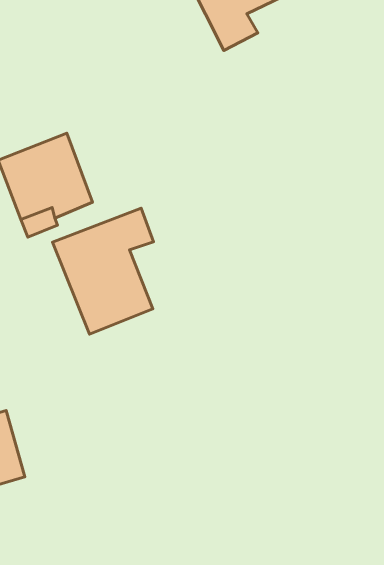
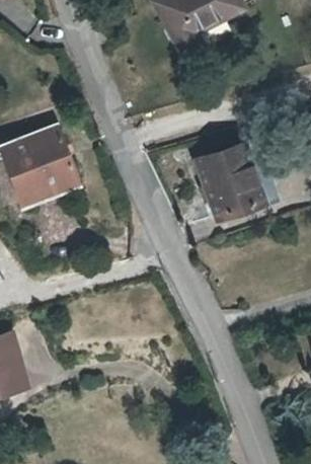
building: none -> [197,150,263,222]
building: [53,208,153,334] -> none

